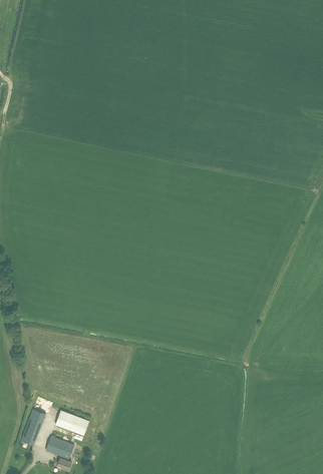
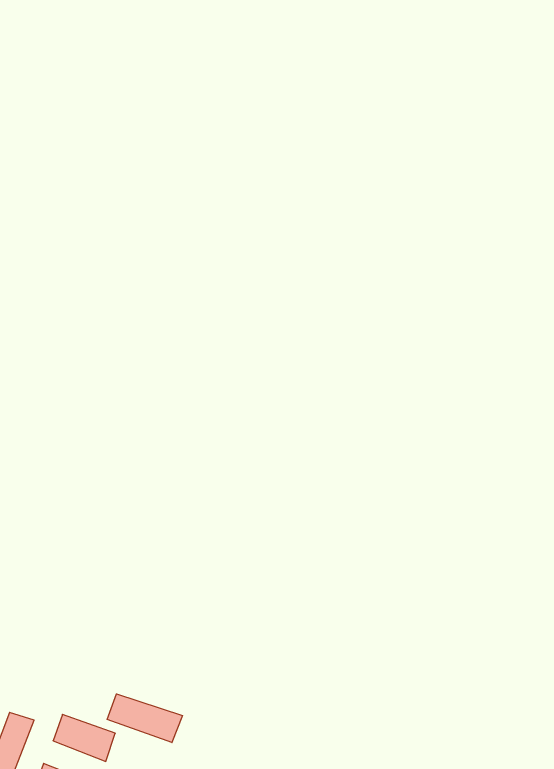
building: none -> [107,694,182,743]

